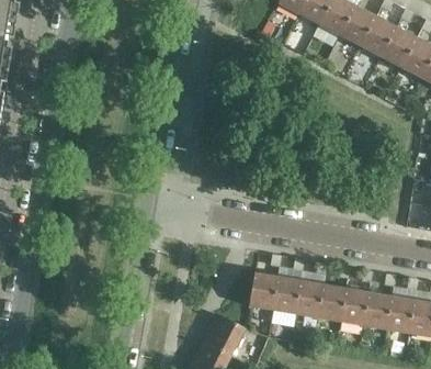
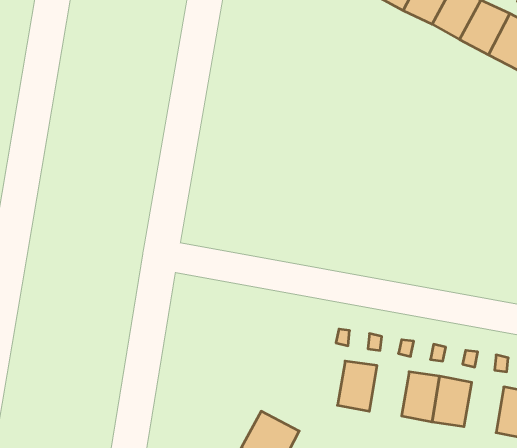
building: [247,271,275,308] -> none
building: [293,279,321,315] -> none
building: [361,291,389,327] -> none

